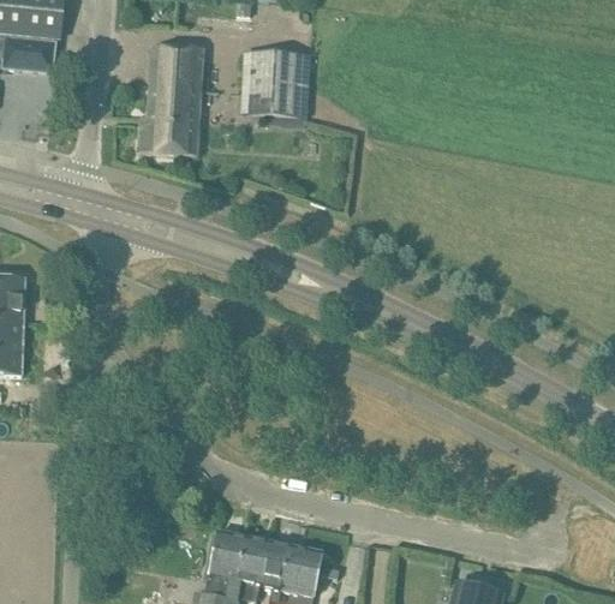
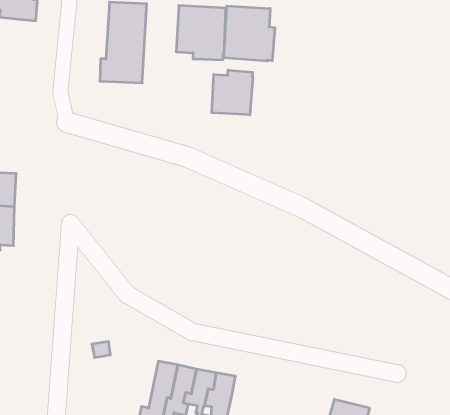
building: none -> [224,6,275,61]
building: none -> [212,70,253,115]

